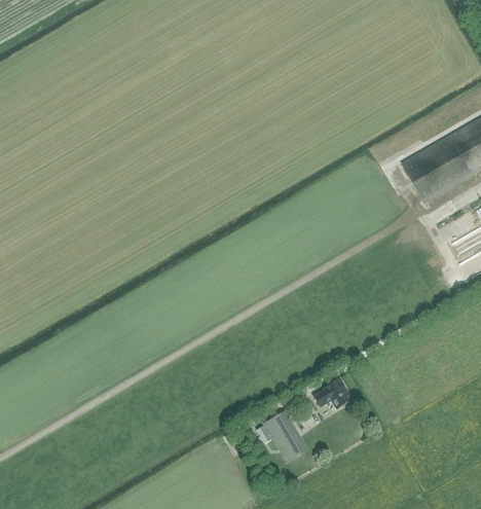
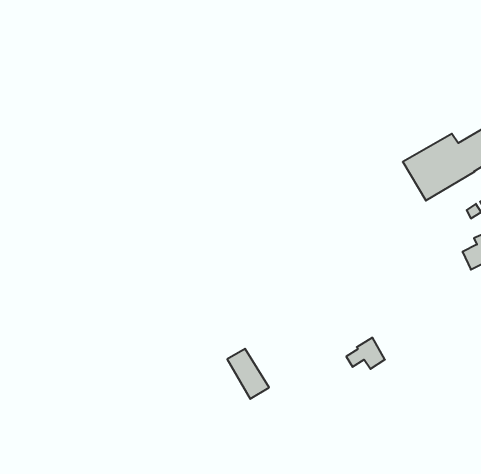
building: [312,375,350,406] -> [346,338,385,369]
building: [263,410,304,460] -> [227,349,269,399]

